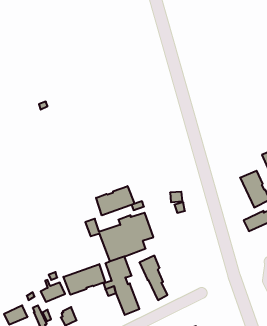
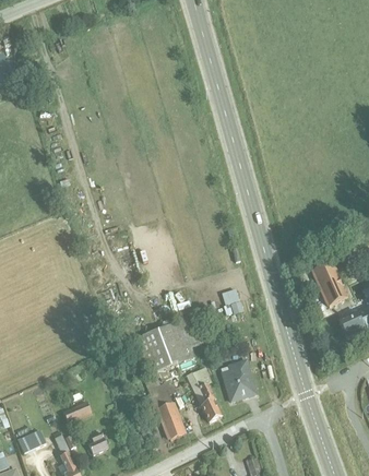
building: [96,186,135,215] -> none
building: none -> [219,360,255,400]
building: [63,264,105,295] -> none

